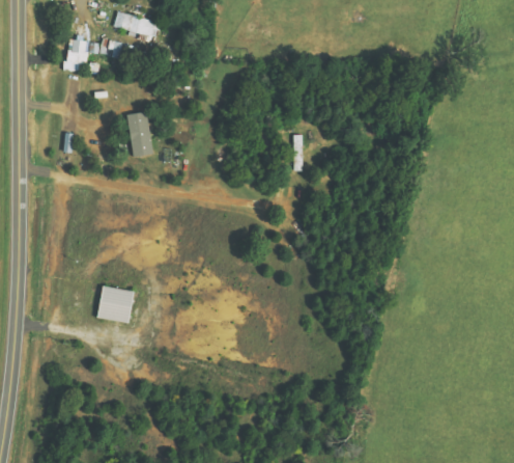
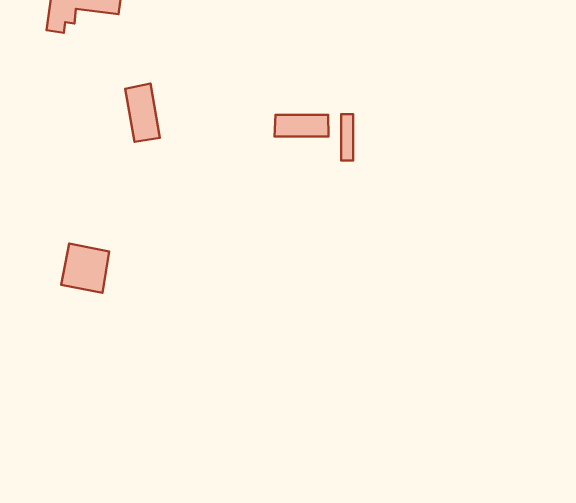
building: none -> [275,115,329,136]
building: [96,284,134,323] -> [61,243,109,293]

